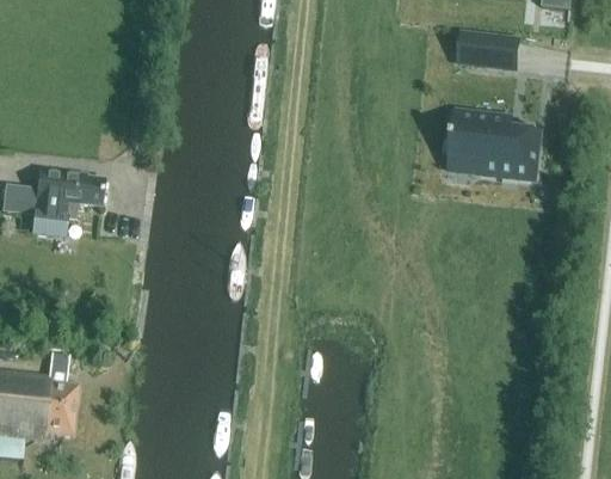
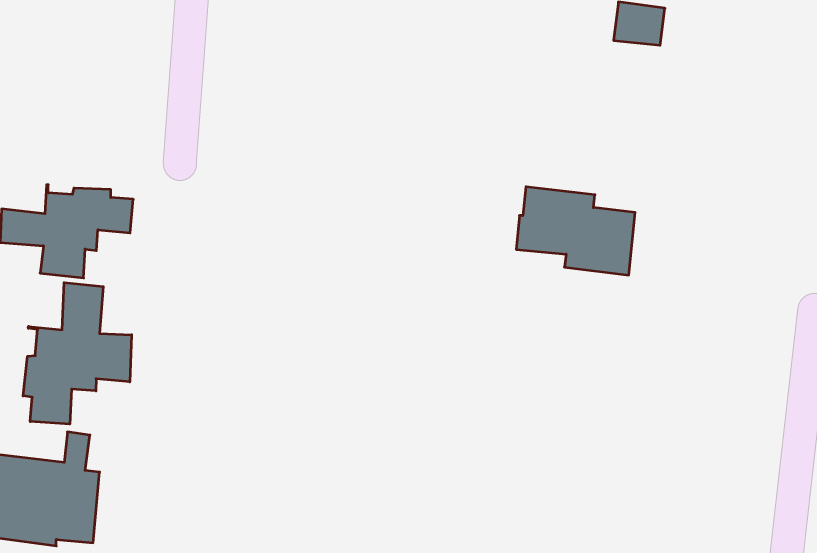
building: [448,113,536,179] -> [516,187,635,275]
building: none -> [23,283,132,424]

